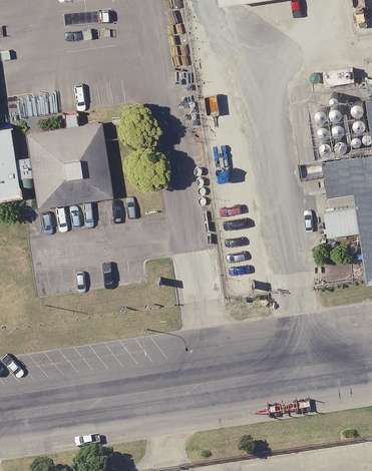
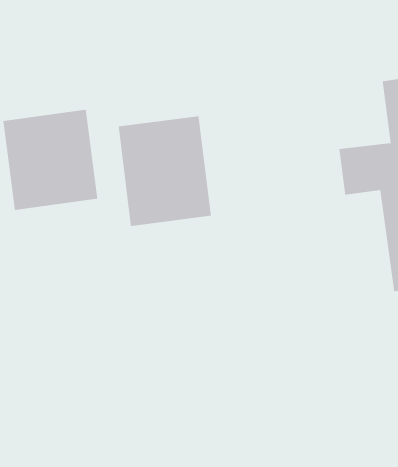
building: none -> [118,115,211,227]

